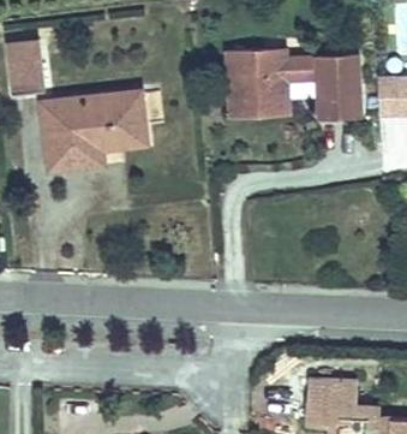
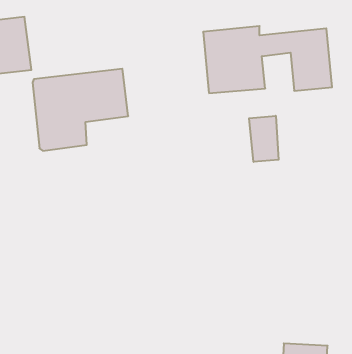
building: none -> [249,116,279,162]

